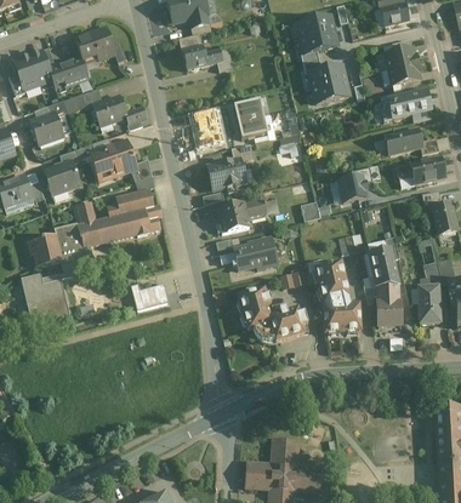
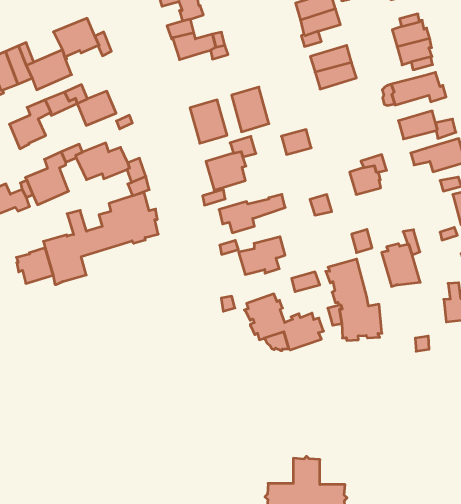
building: [21,267,72,327] -> none
building: [130,284,167,309] -> none
building: [376,285,400,326] -> none

